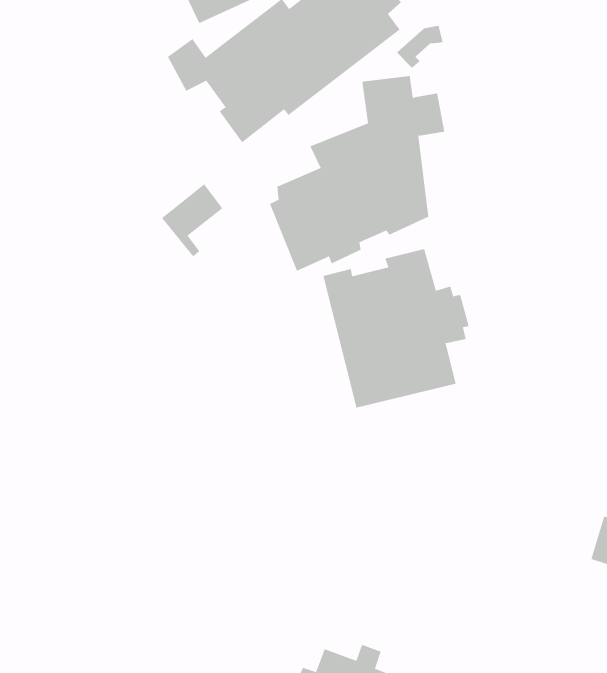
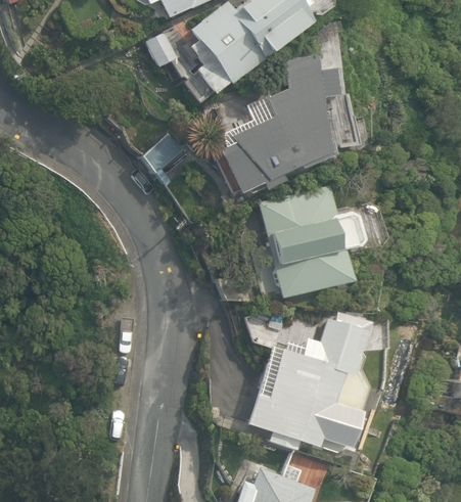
building: none -> [246,317,371,452]

